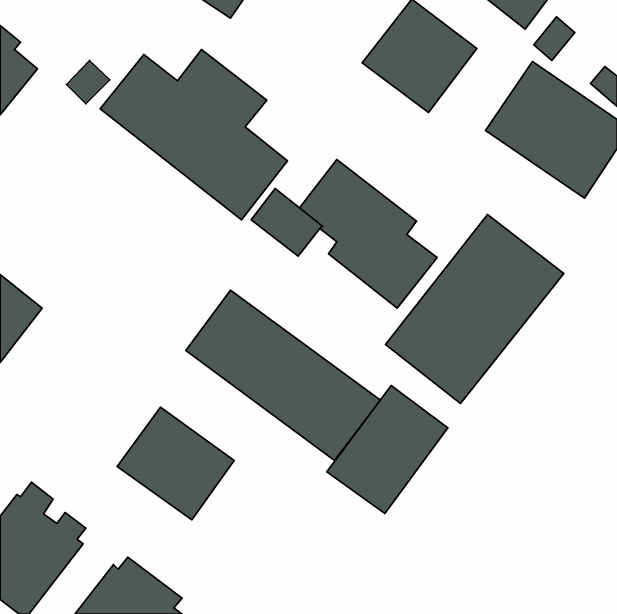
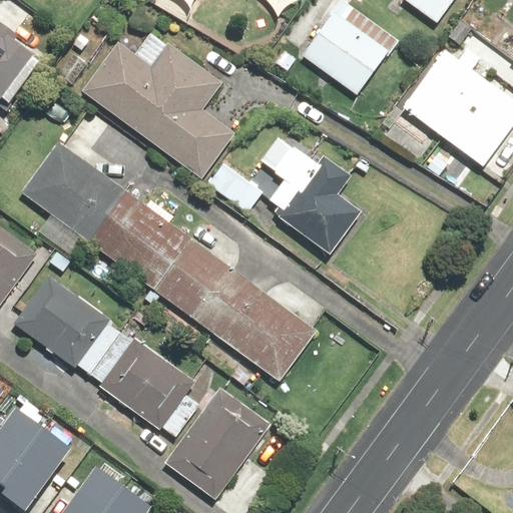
building: none -> [21,141,191,291]
building: [385,214,564,404] -> none
building: none -> [12,273,110,369]
building: [327,386,448,513] -> none
building: none -> [162,387,272,501]

